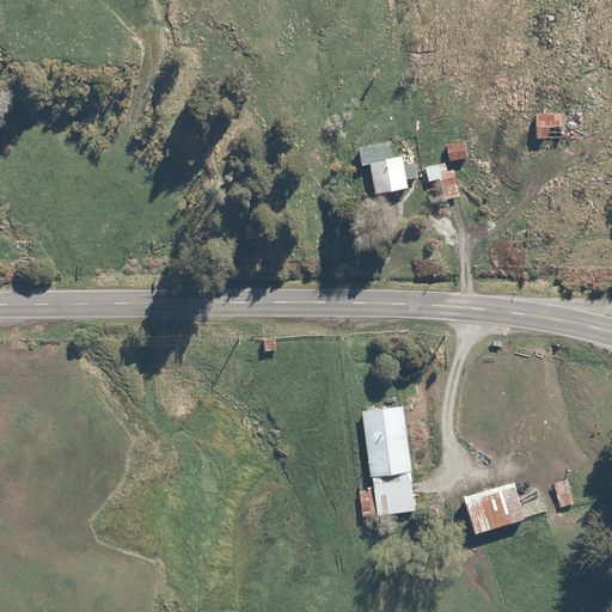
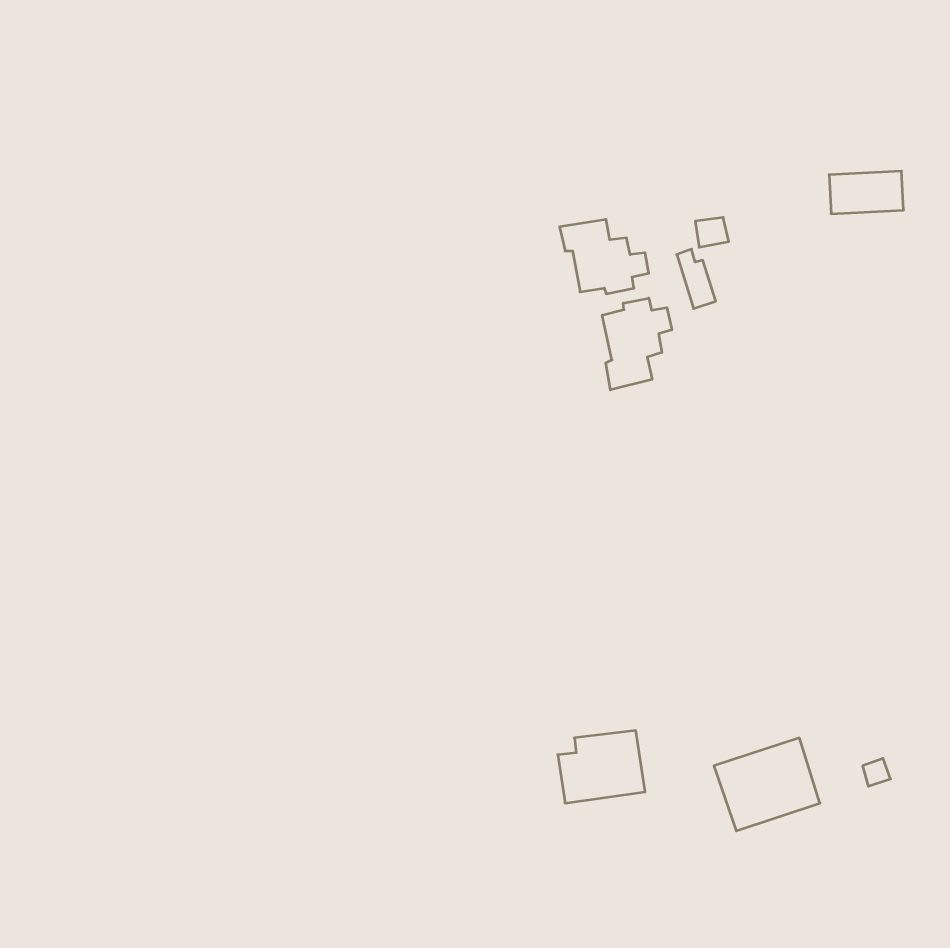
building: none -> [602,298,672,390]
building: [361,404,412,476] -> none

